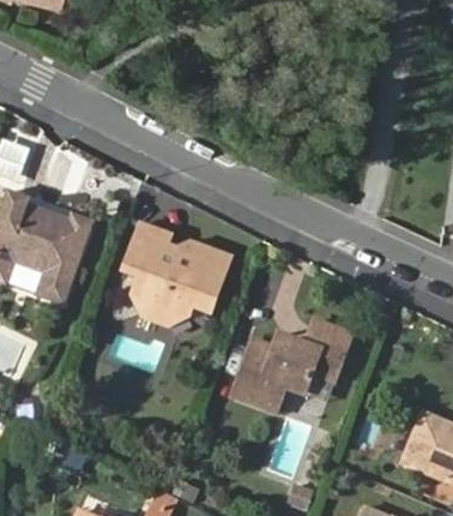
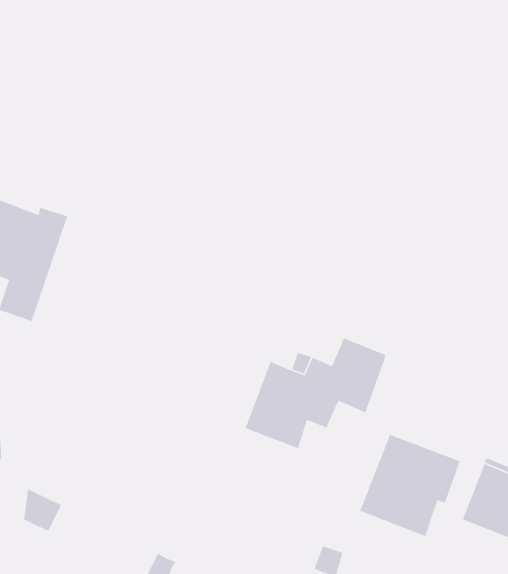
building: [126,221,226,323] -> none
building: none -> [359,434,461,537]

